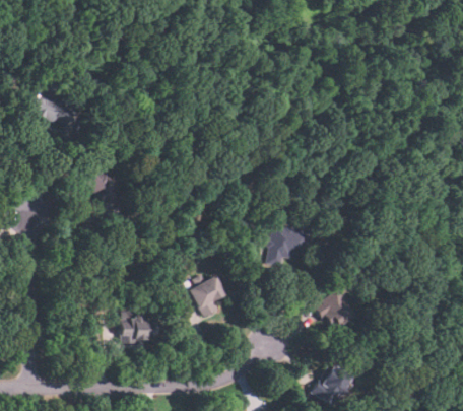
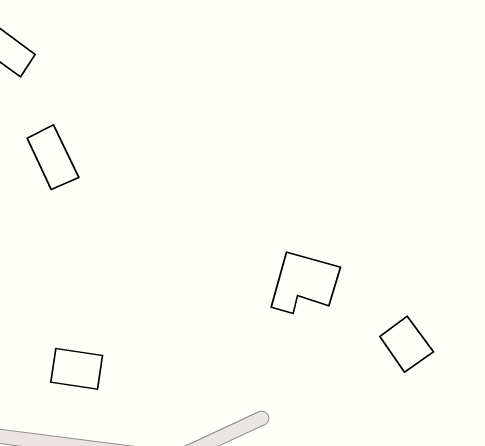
building: [190,275,225,317] -> none
building: [315,290,354,330] -> [380,316,434,372]

